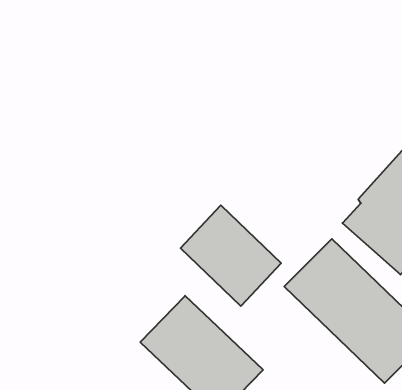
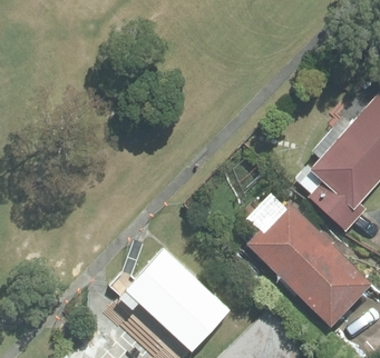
building: [181,205,281,306] -> none

